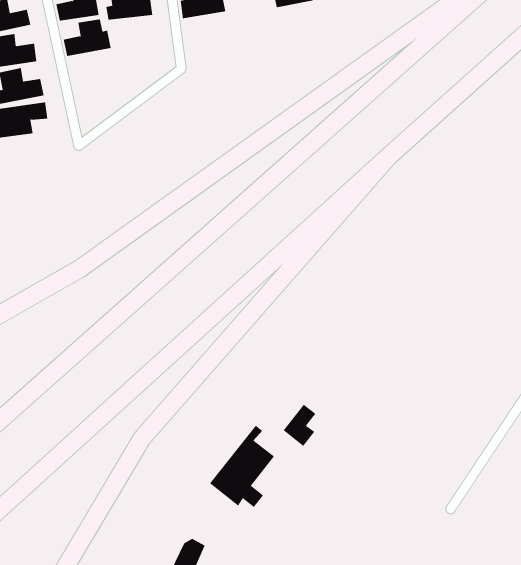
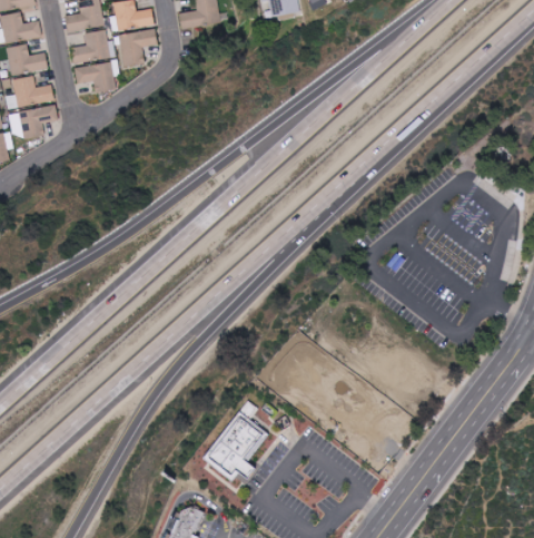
building: none -> [120,30,157,67]
building: none -> [75,61,117,94]
building: [283,404,316,447] -> none

